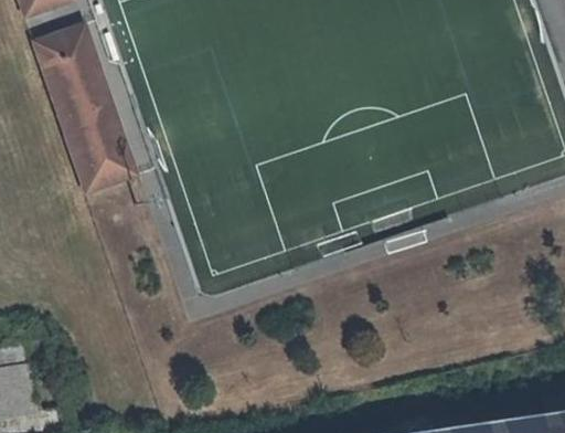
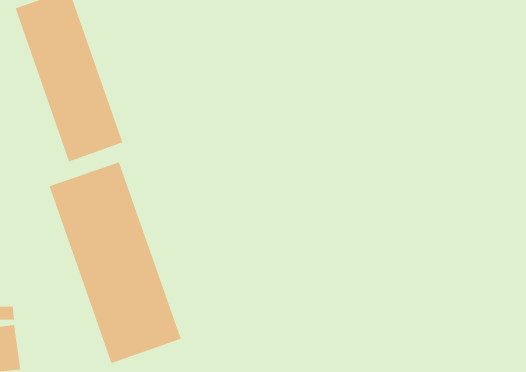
building: none -> [49,161,181,364]

